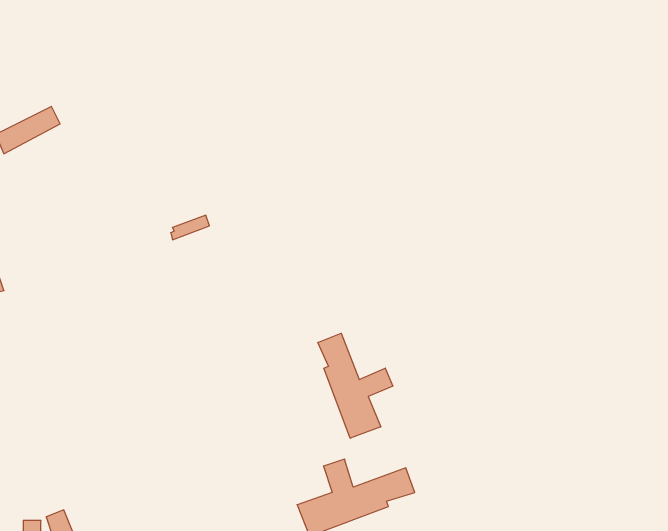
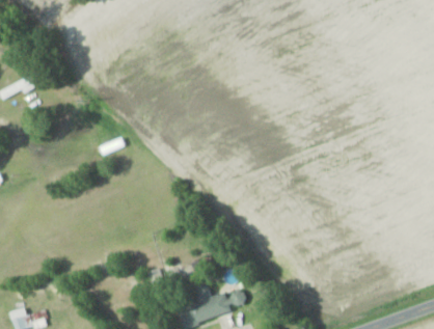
building: [318,333,393,438] -> none

